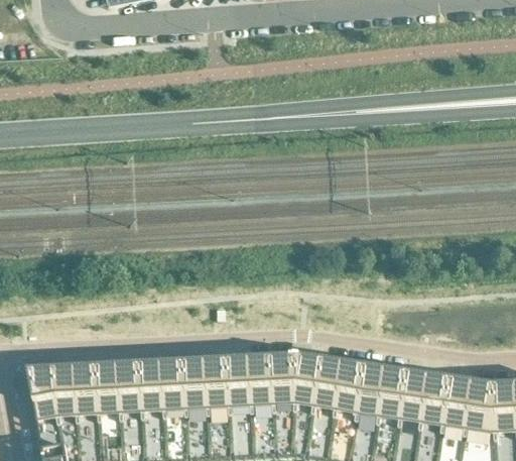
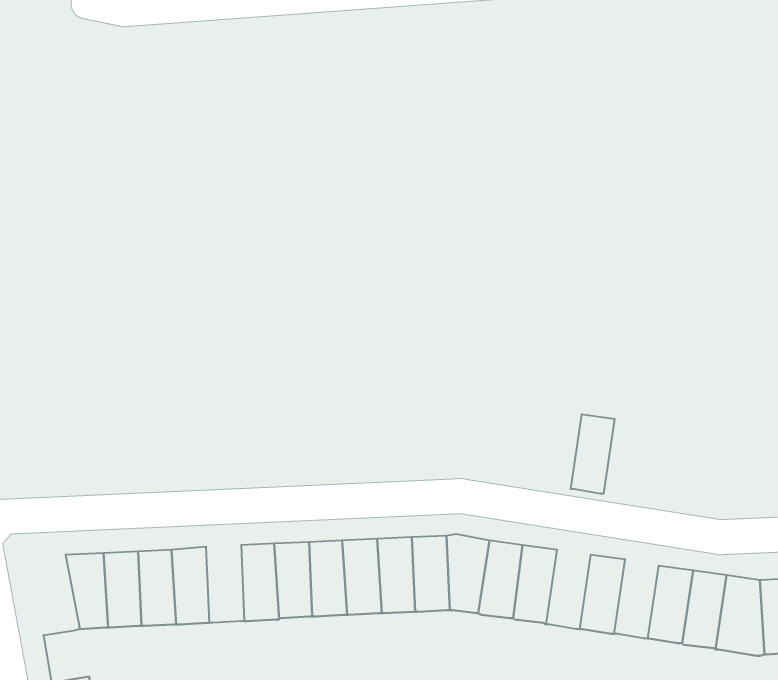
building: [141,357,165,407] -> none
building: [358,360,386,411] -> [571,414,615,493]
building: [28,363,60,415] -> none
building: [401,366,429,417] -> none

